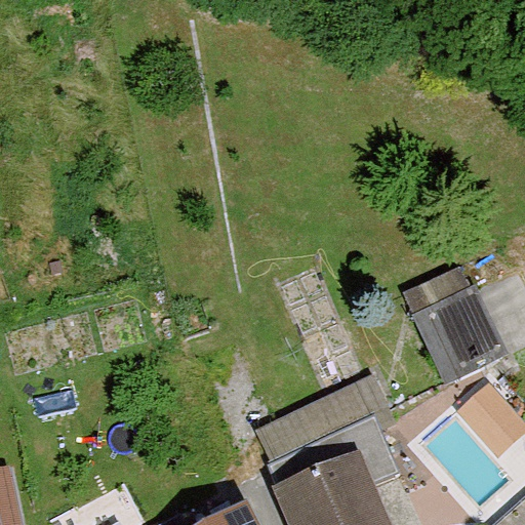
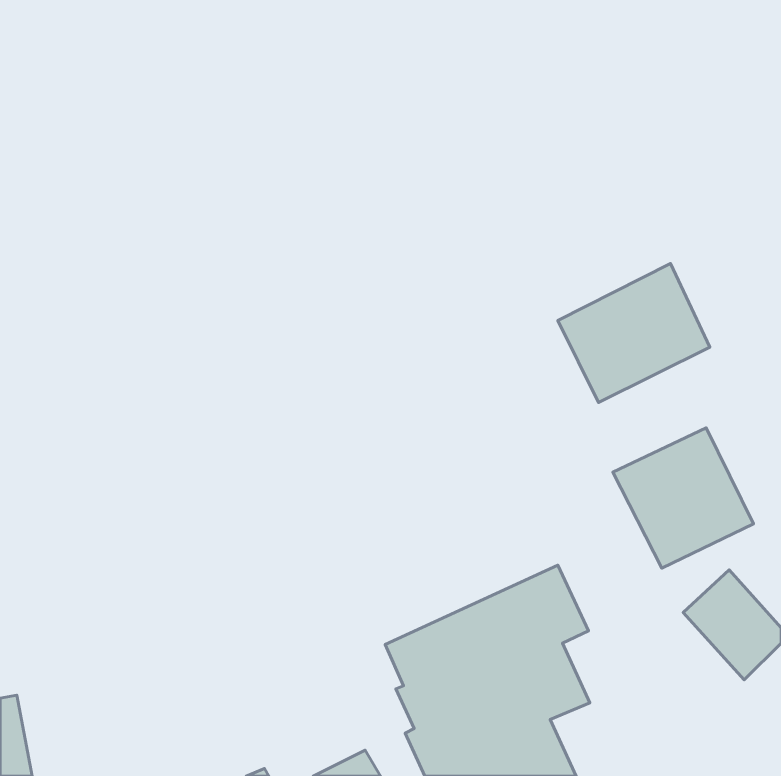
building: none -> [558,264,710,403]

